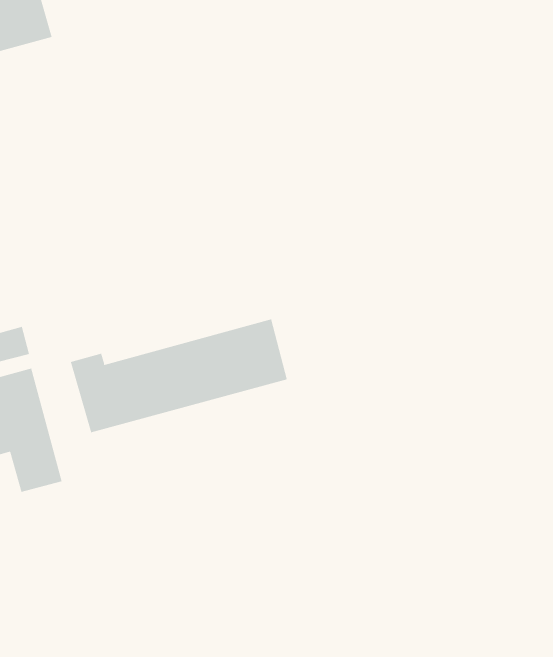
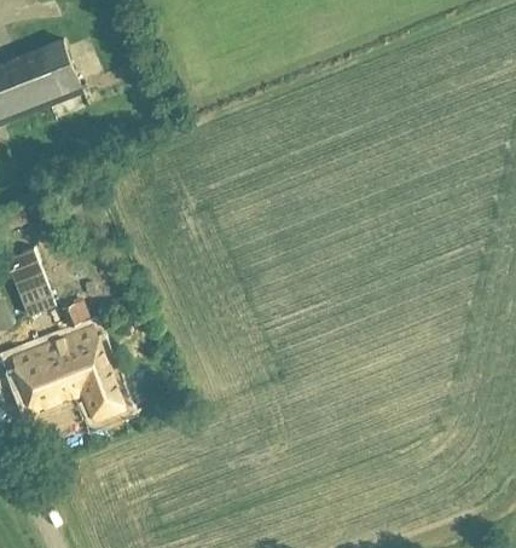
building: [70,319,288,433] -> none

